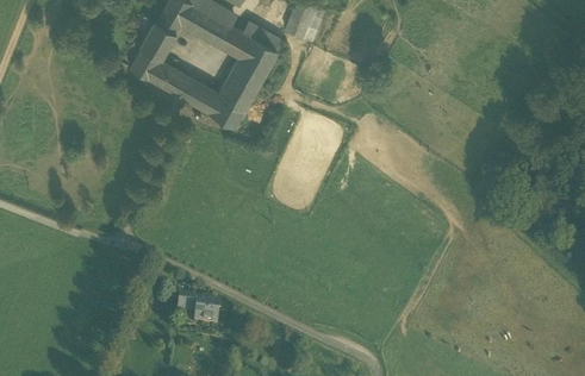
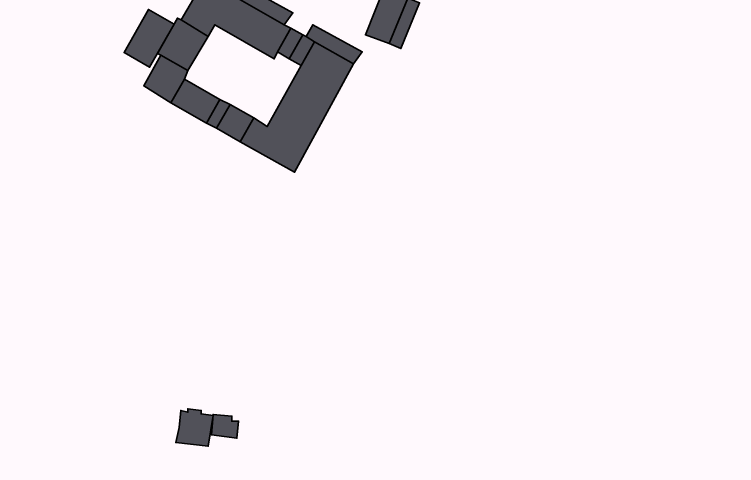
building: none -> [124,10,174,67]
building: [193,297,219,324] -> [176,409,213,446]

